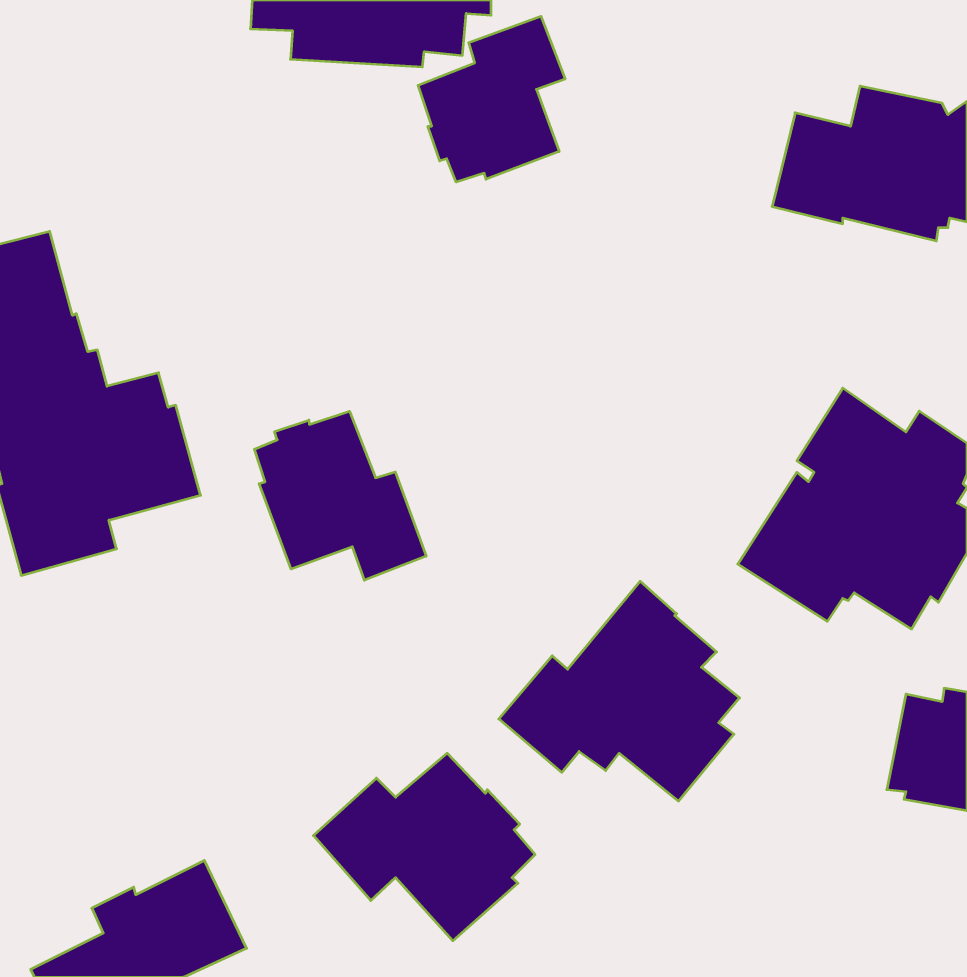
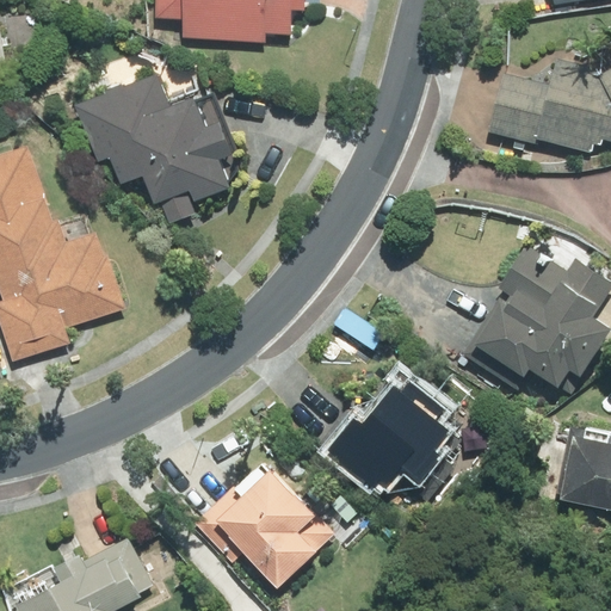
building: [418,16,565,182] -> none
building: none -> [75,72,235,222]
building: [254,411,426,580] -> none

